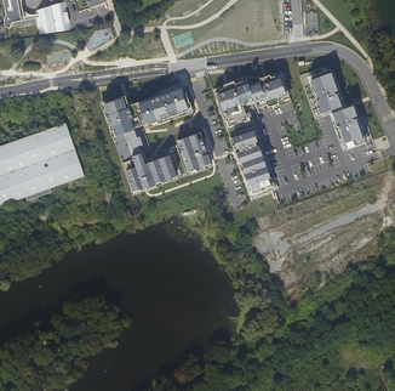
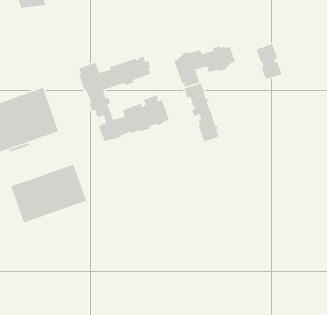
building: [332,104,363,148] -> none
building: none -> [10,163,87,223]

